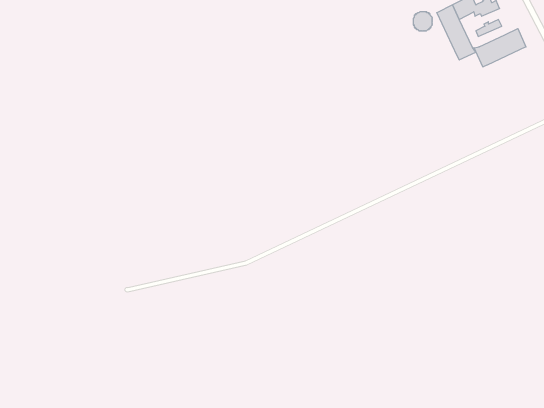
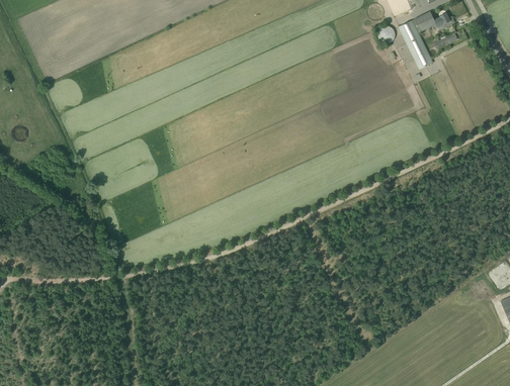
building: [474,29,526,67] -> none

